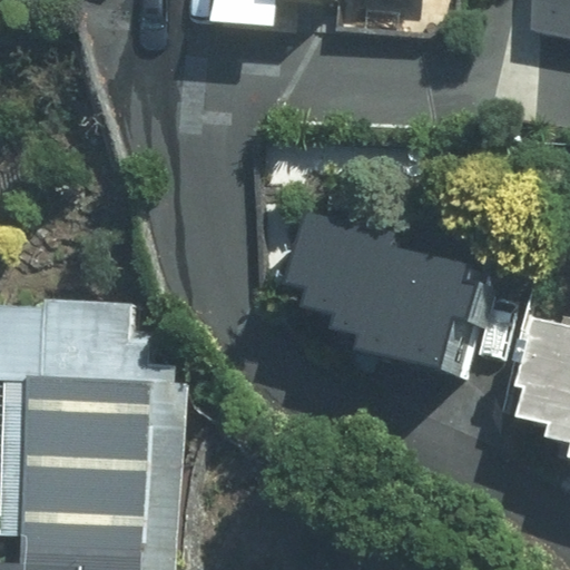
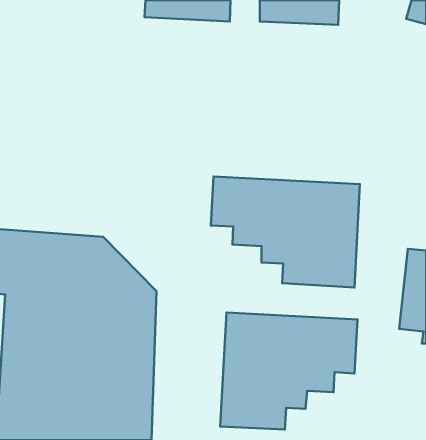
building: none -> [220,312,357,430]

